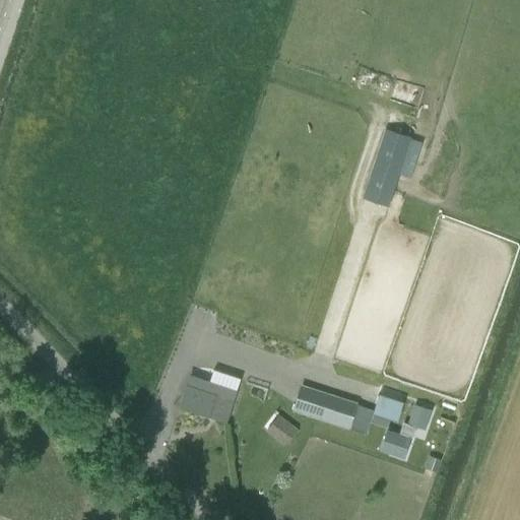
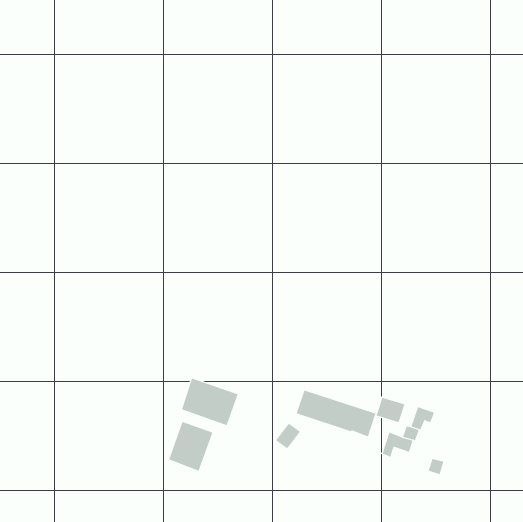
building: [364,130,422,207] -> none
building: none -> [169,421,213,471]

